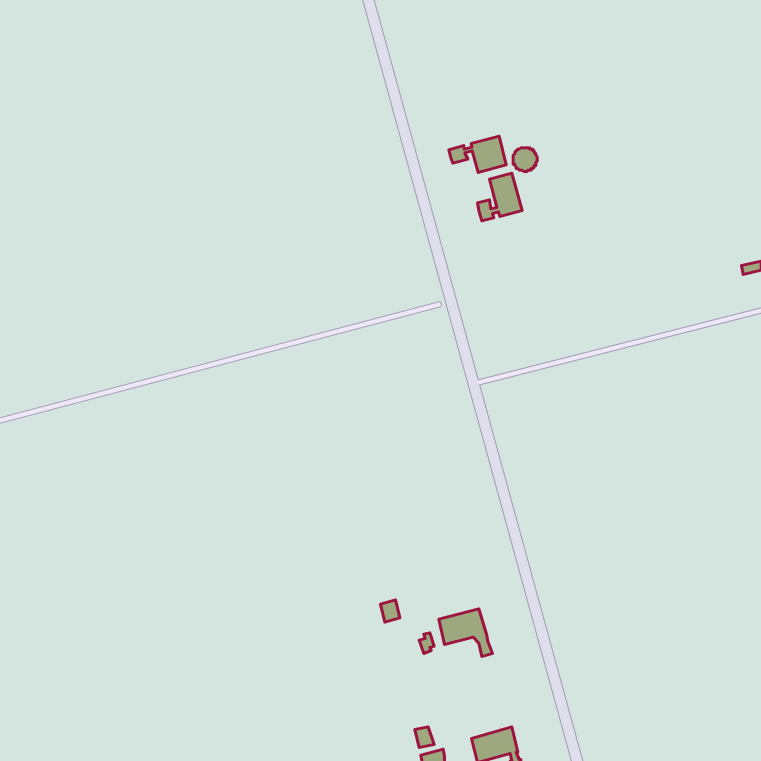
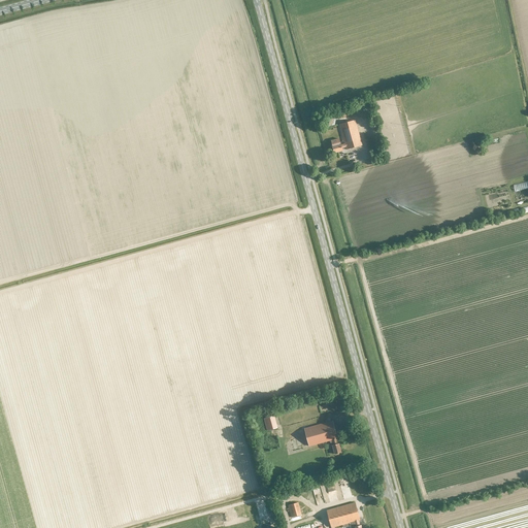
building: [449,136,506,172] -> none

